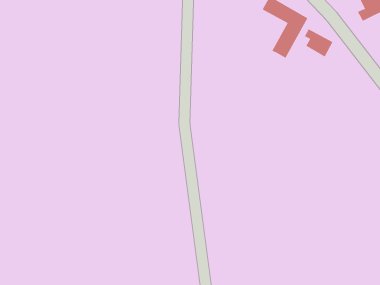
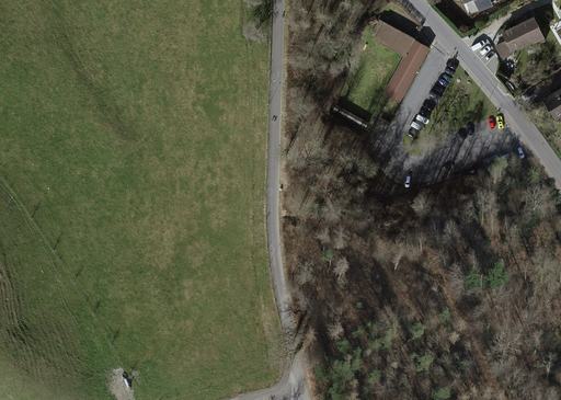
building: [304,29,333,57] -> none

